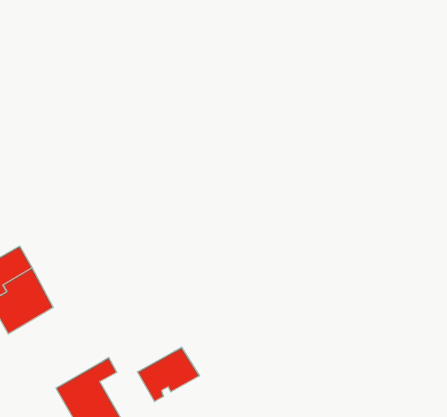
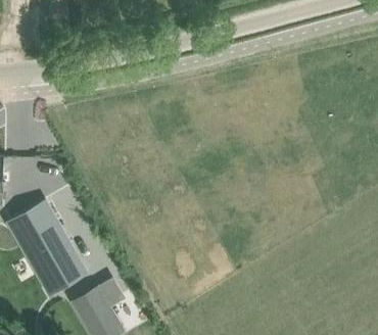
building: none -> [36,247,85,291]
building: [137,347,200,402] -> none

